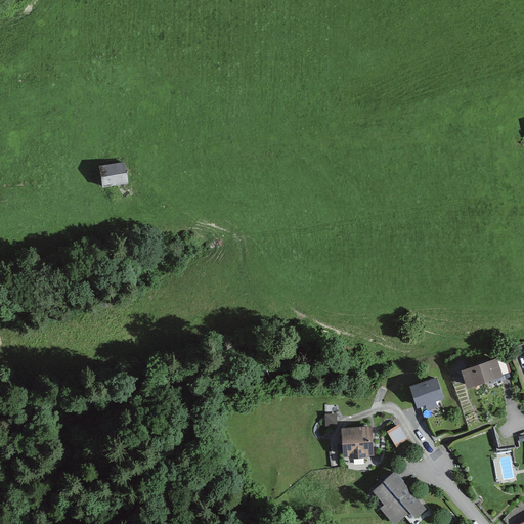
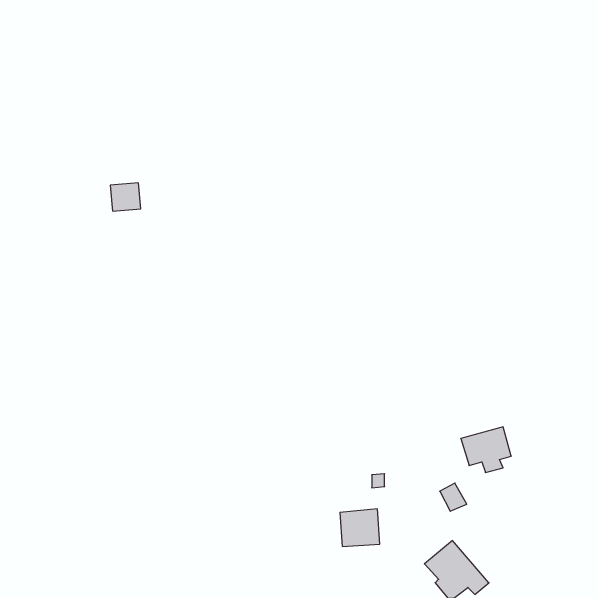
building: [461,359,509,390] -> none
building: [338,426,373,458] -> [340,509,380,546]

